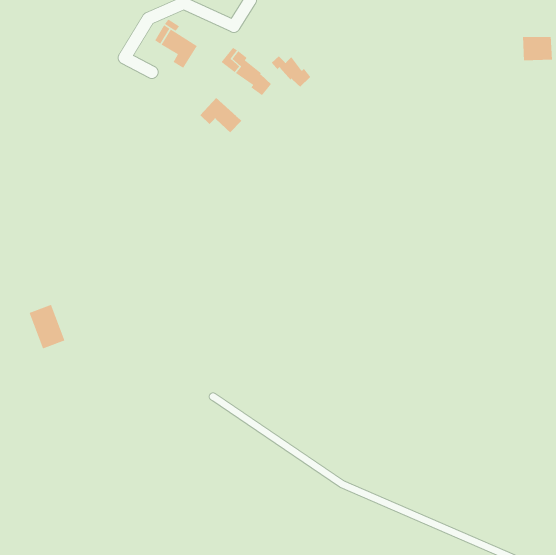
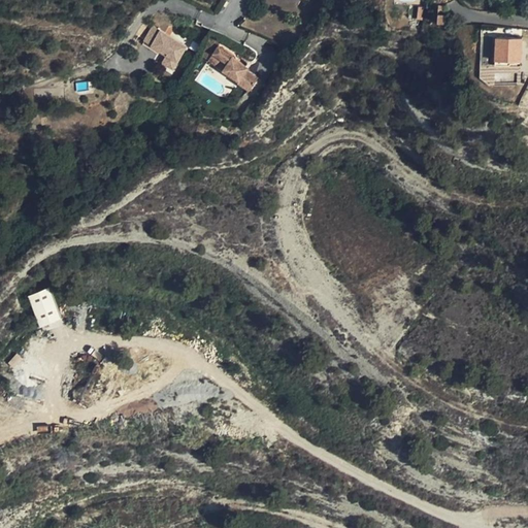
building: [271,55,311,88] -> none
building: [200,97,242,133] -> none

